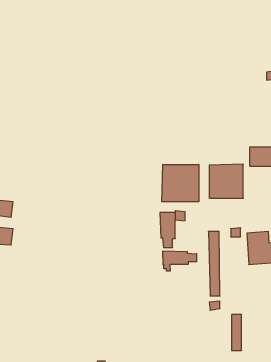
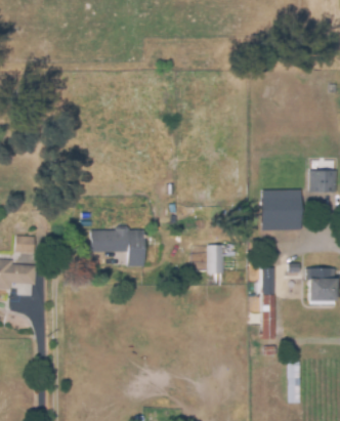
building: [162,164,199,202] -> none
building: none -> [89,225,144,266]
building: [163,251,197,271] -> none

